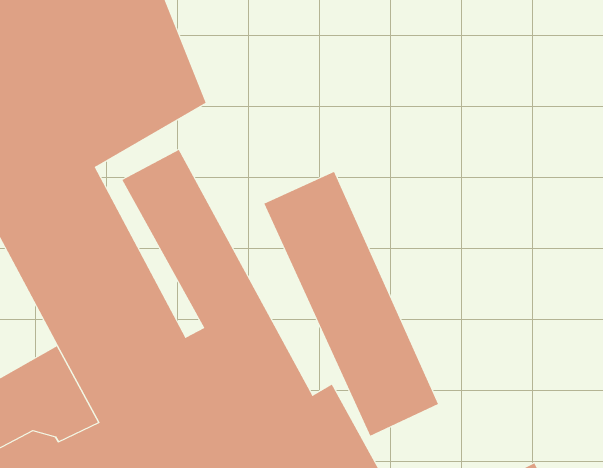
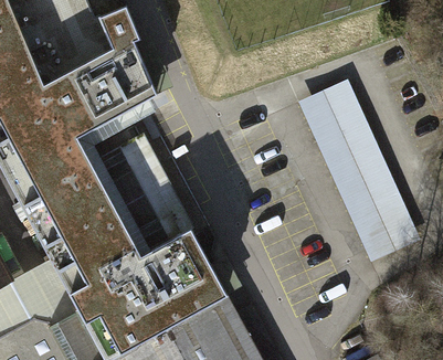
building: [264,171,439,436] -> [299,84,420,266]

